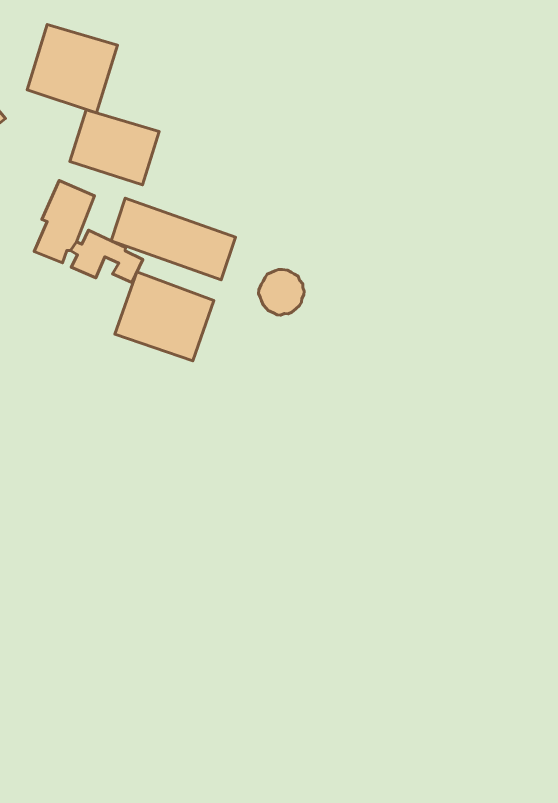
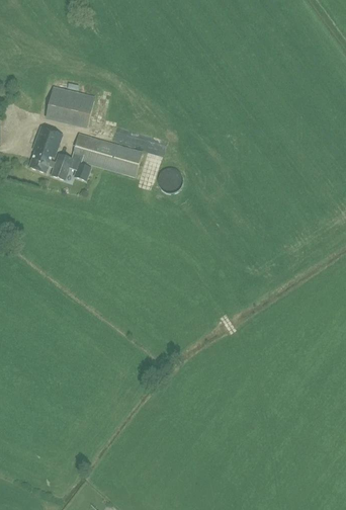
building: [27,24,118,113] -> none
building: [115,272,214,361] -> none

